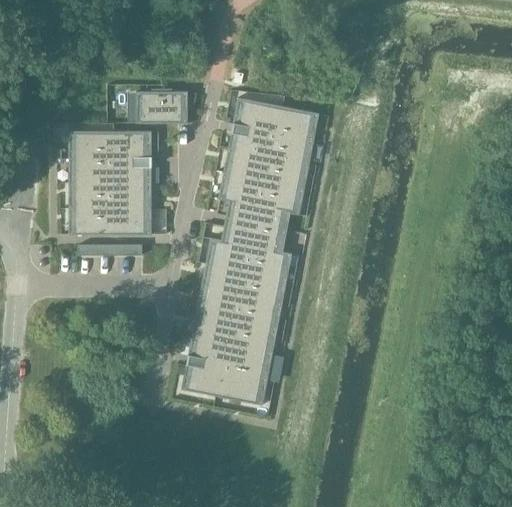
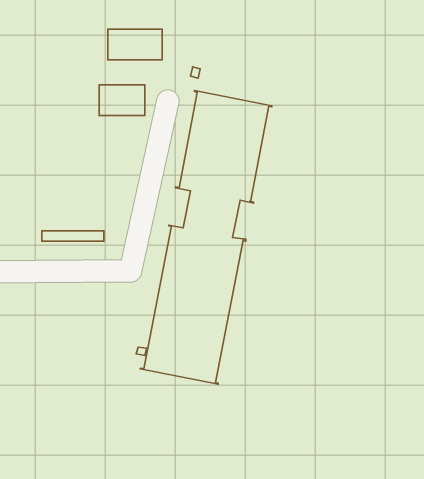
building: none -> [108,29,162,60]
building: [73,130,149,234] -> none

